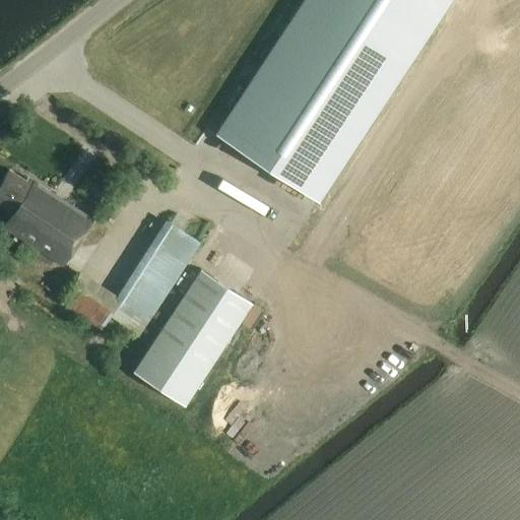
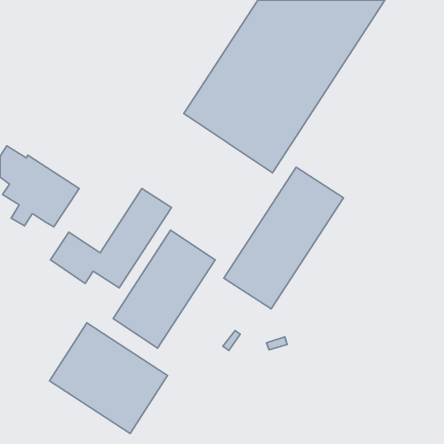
building: none -> [224,167,344,309]
building: none -> [50,323,167,433]

